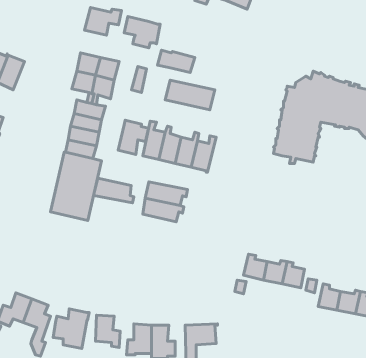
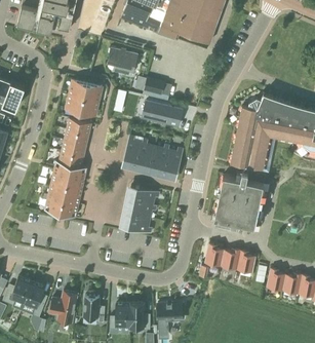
building: [84,8,122,35] -> none
building: [118,120,149,154] -> none
building: none -> [215,169,266,231]
building: [94,178,134,203] -> [120,213,153,233]

